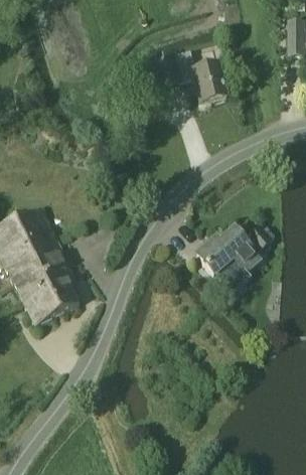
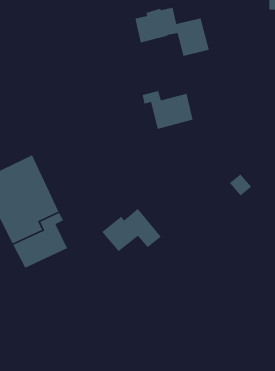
building: none -> [142,90,193,130]
building: [194,228,258,275] -> [101,208,162,252]

